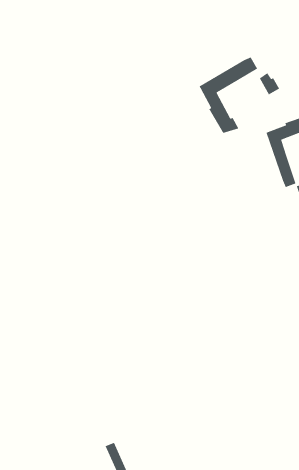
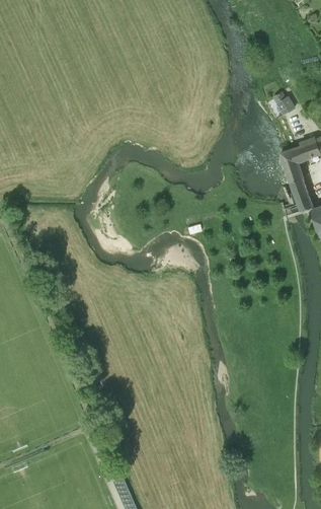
building: [199,56,258,134] -> none

